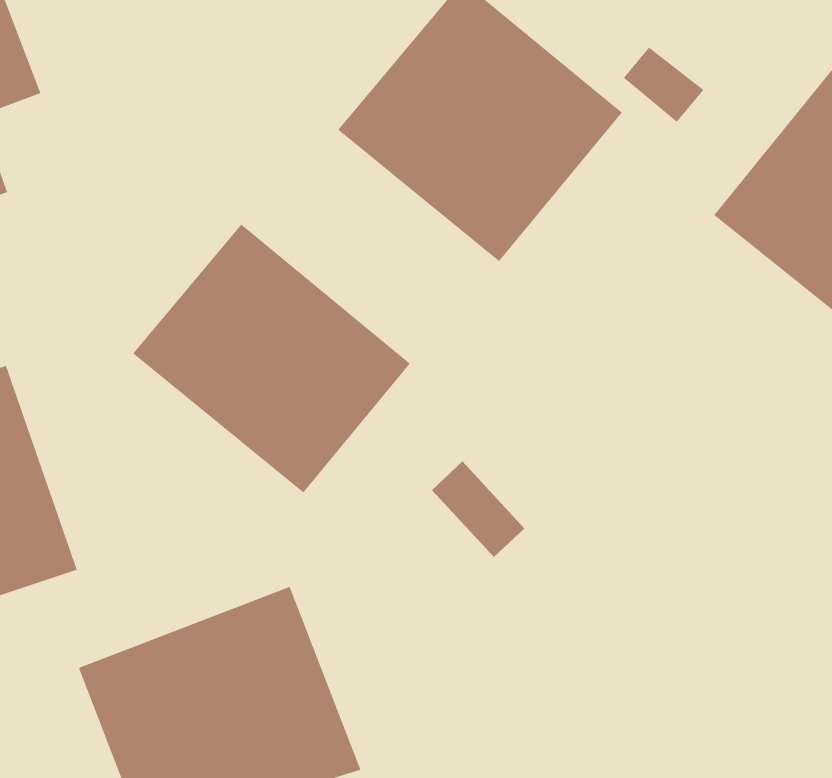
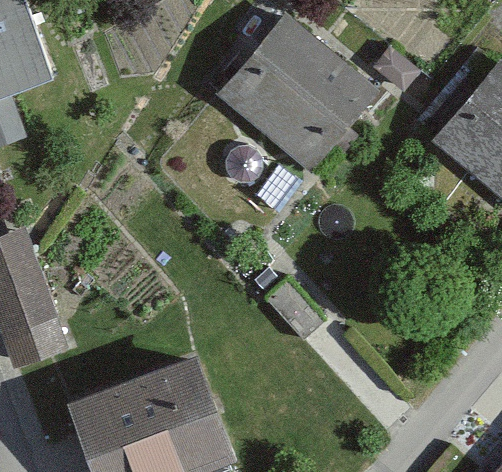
building: [132,224,411,494] -> none

